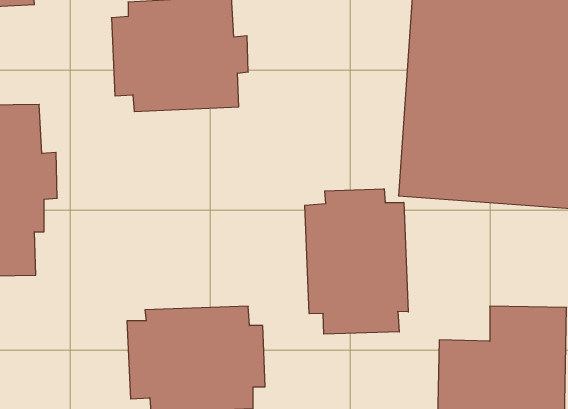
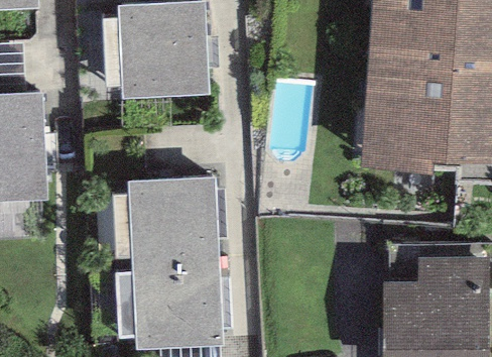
building: [305,189,408,334] -> none
building: none -> [114,175,228,262]

